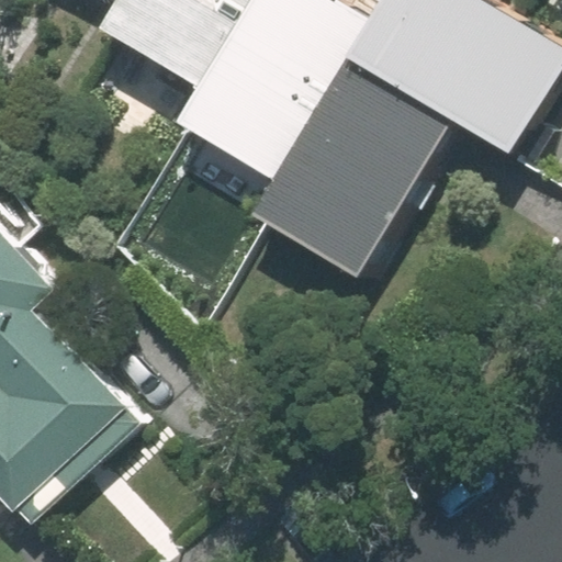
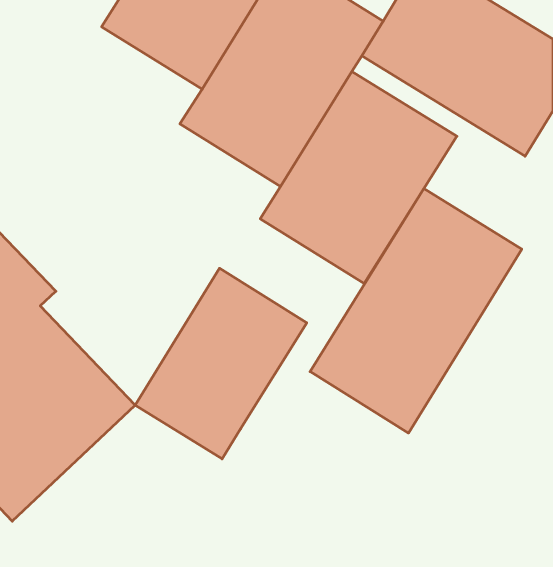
building: none -> [310,189,522,433]
building: none -> [135,268,307,459]

